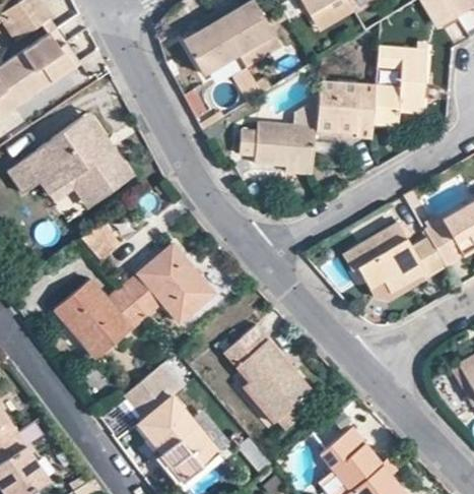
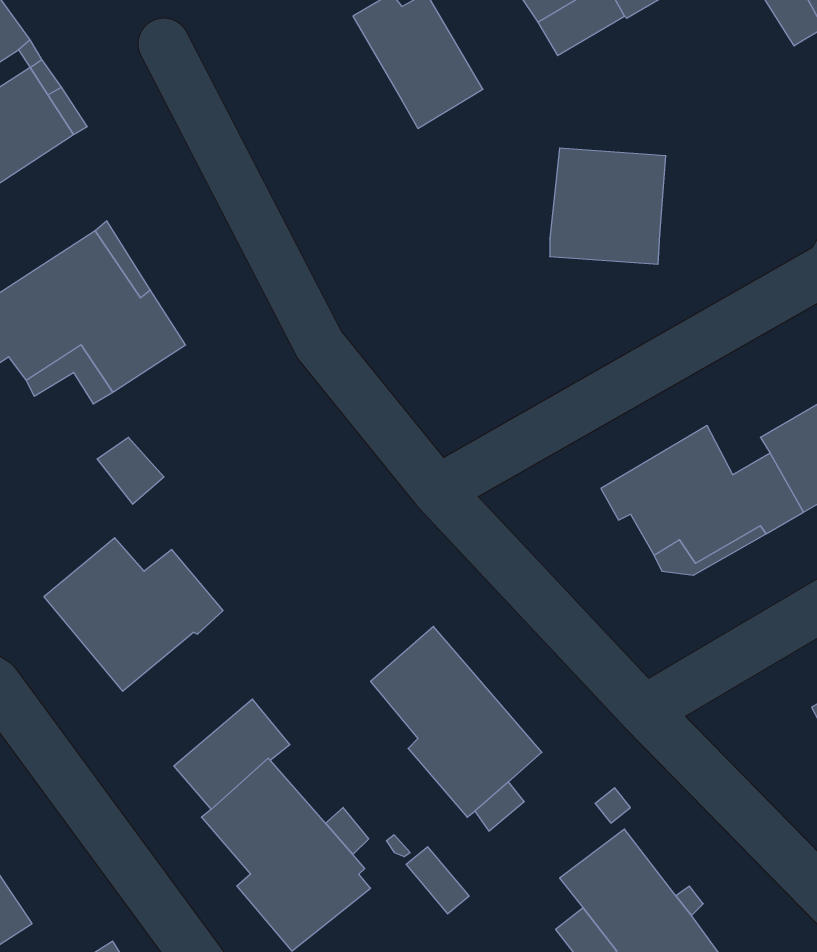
building: [184,9,241,73] -> none
building: [374,30,429,124] -> none
building: [241,120,317,173] -> none
building: [122,242,215,323] -> none

